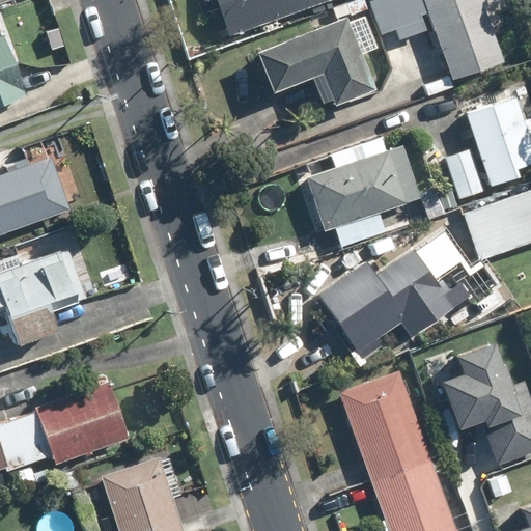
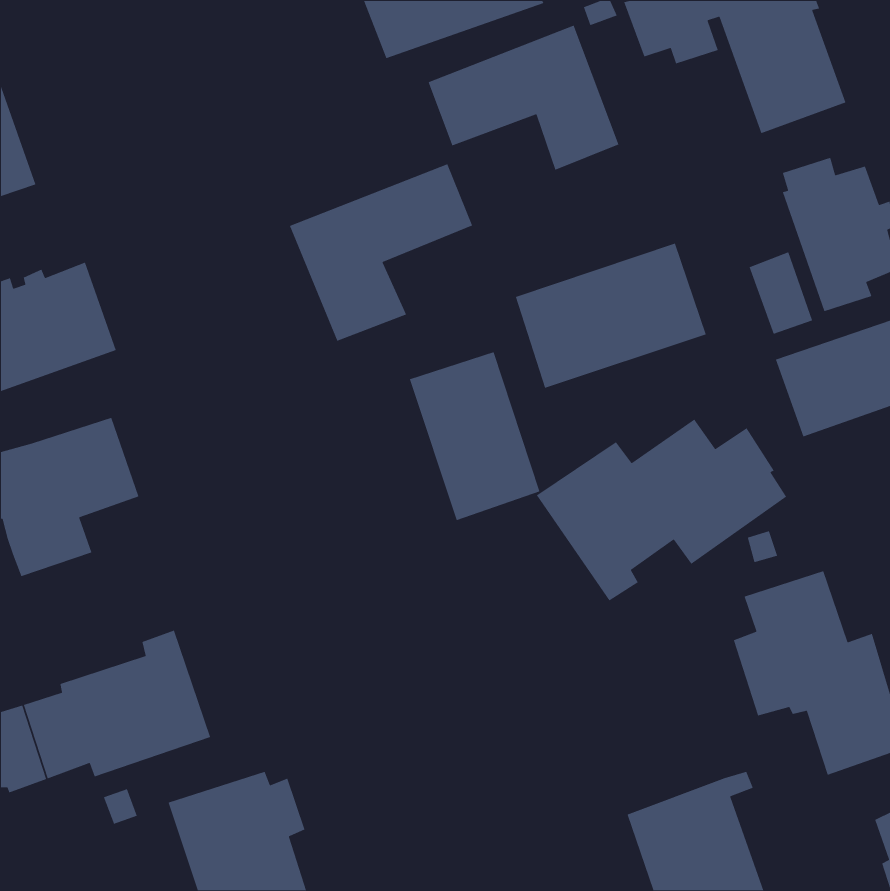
building: none -> [289,163,473,342]
building: none -> [409,351,541,521]
building: [340,373,431,484] -> none

